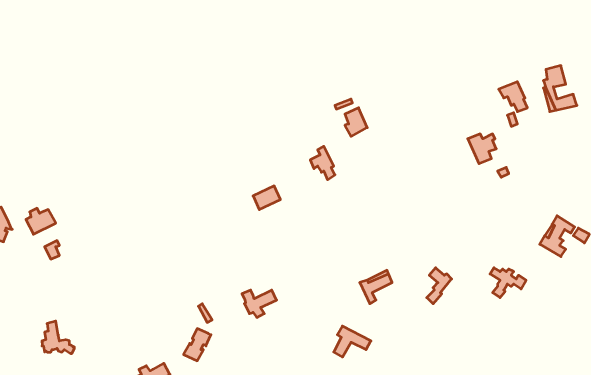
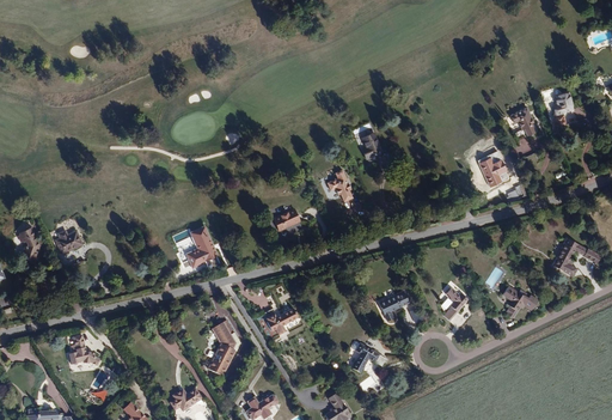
building: none -> [186,225,219,268]

